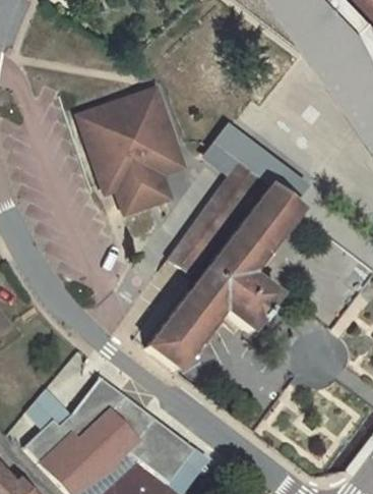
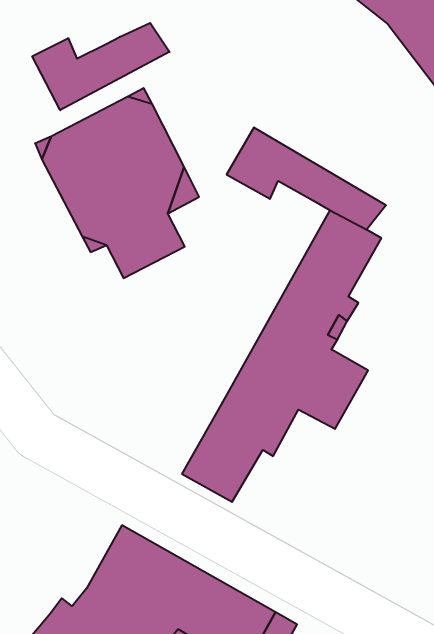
building: none -> [32,23,170,110]
building: [169,164,258,275] -> none
building: [28,390,71,430] -> none

